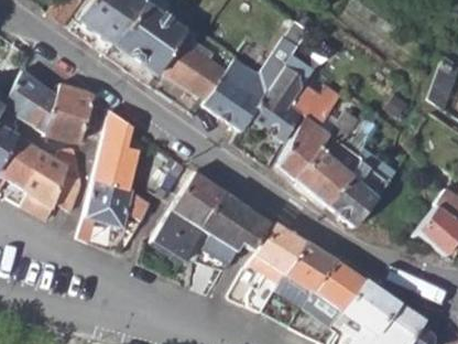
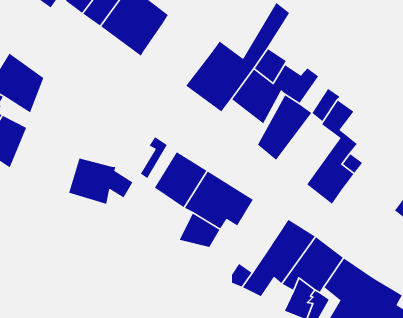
building: [162,41,230,99] -> none
building: [45,83,96,142] -> none
building: [95,127,139,187] -> none
building: [297,133,362,206] -> none
building: [21,147,83,221] -> none
building: [151,209,203,264] -> none
building: [252,223,309,283] -> none

